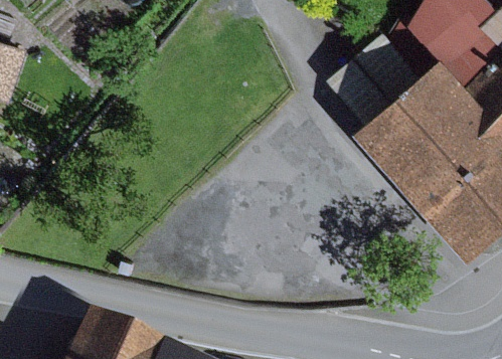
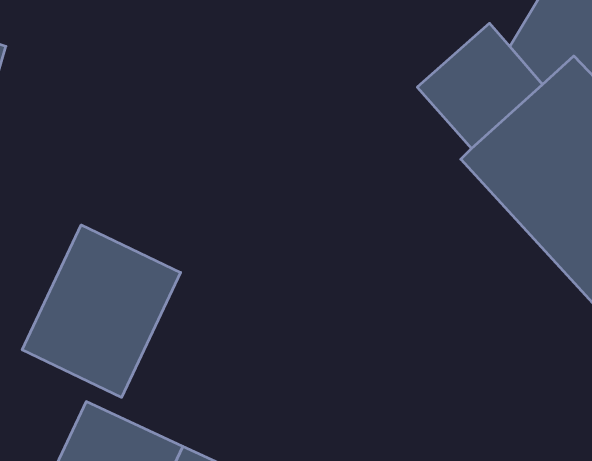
building: none -> [22,225,181,397]

